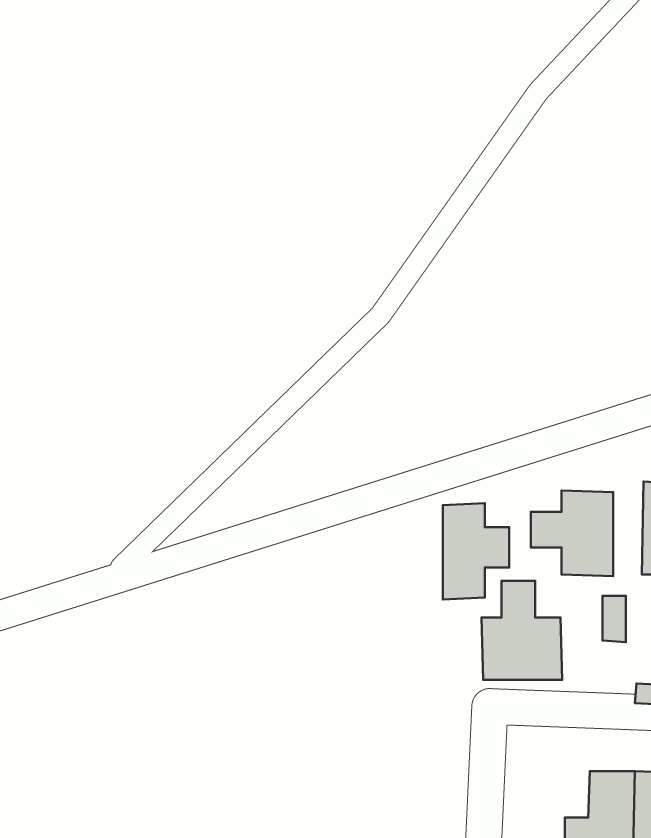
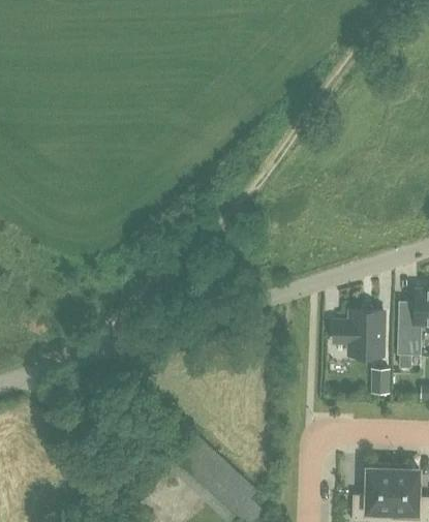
building: [443,503,509,600] -> none
building: [481,581,562,680] -> none

